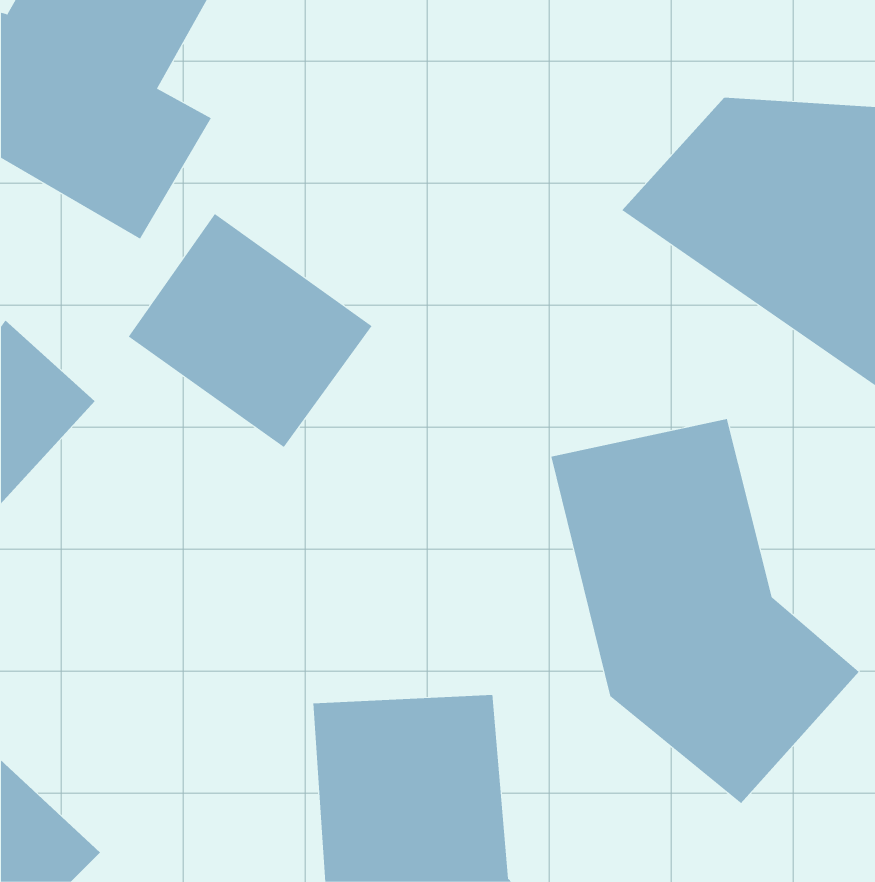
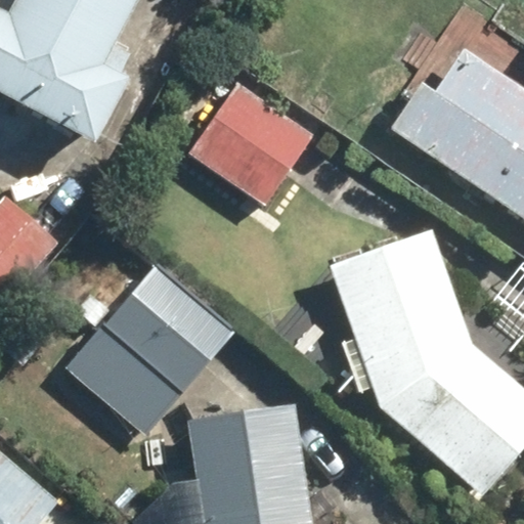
building: [128,213,373,448] -> [174,67,318,205]
building: none -> [66,263,245,441]

